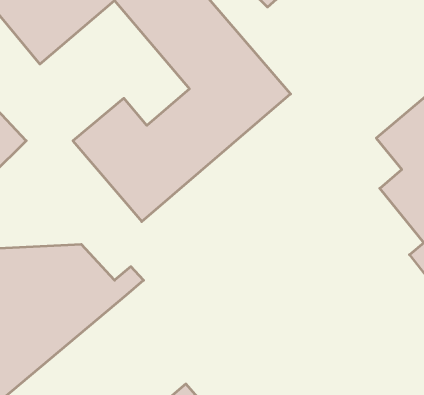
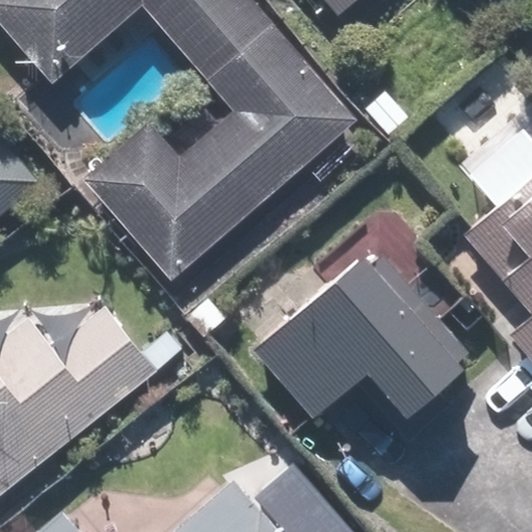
building: none -> [255,249,471,433]

